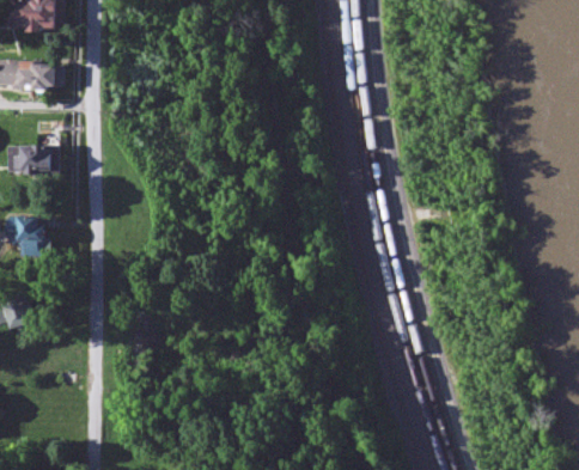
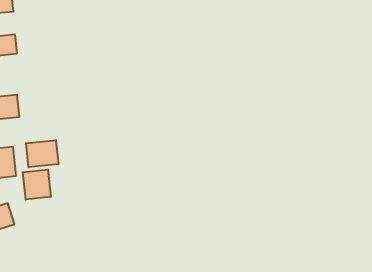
building: none -> [26,140,58,167]
building: none -> [23,169,51,200]

